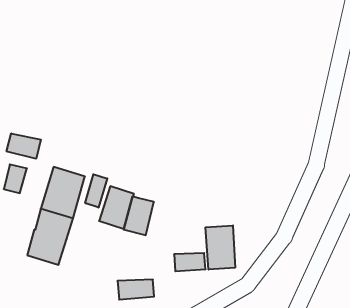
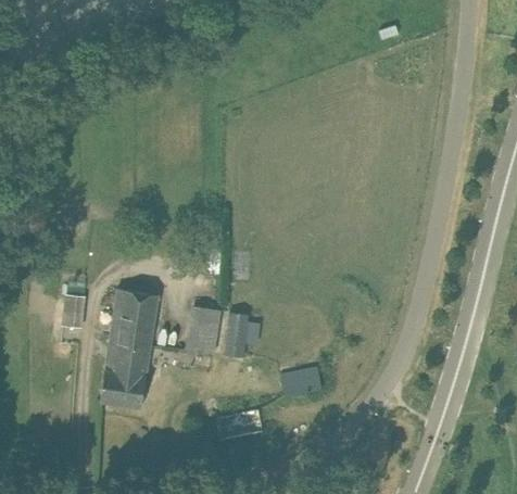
building: [7,133,41,159] -> none
building: [85,174,107,208] -> none
building: [206,225,235,270] -> none

